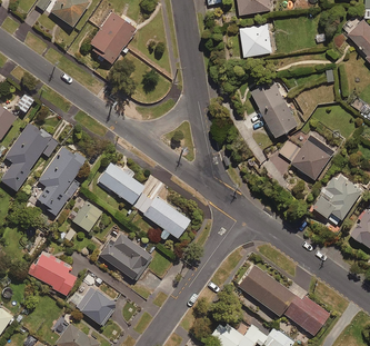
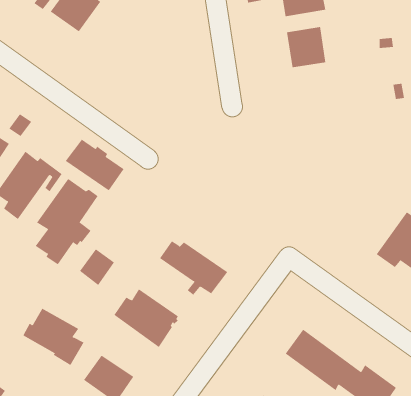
building: [89,11,137,63] -> none
building: [250,79,299,138] -> none
building: [291,135,333,179] -> none
building: [98,162,146,205] -> [65,139,124,191]

